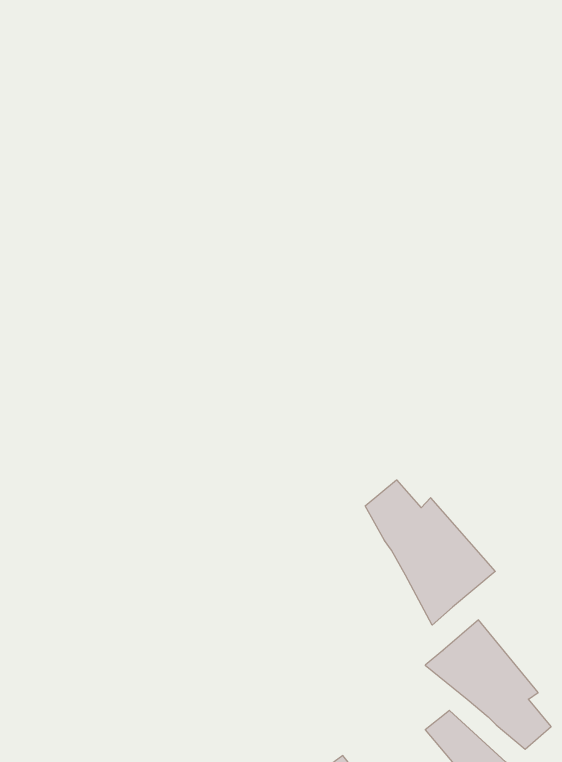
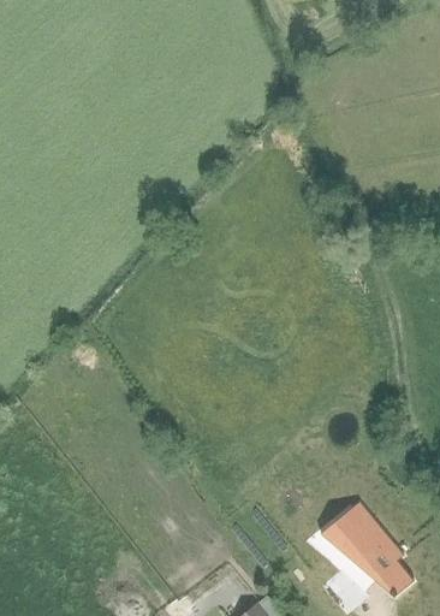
building: [365,480,495,625] -> none

